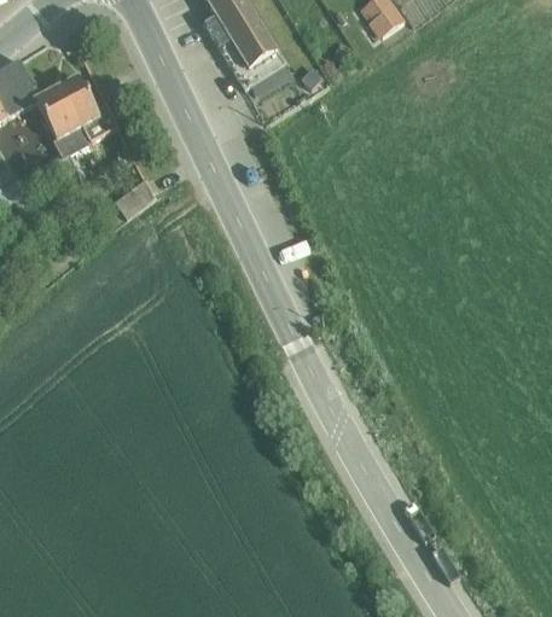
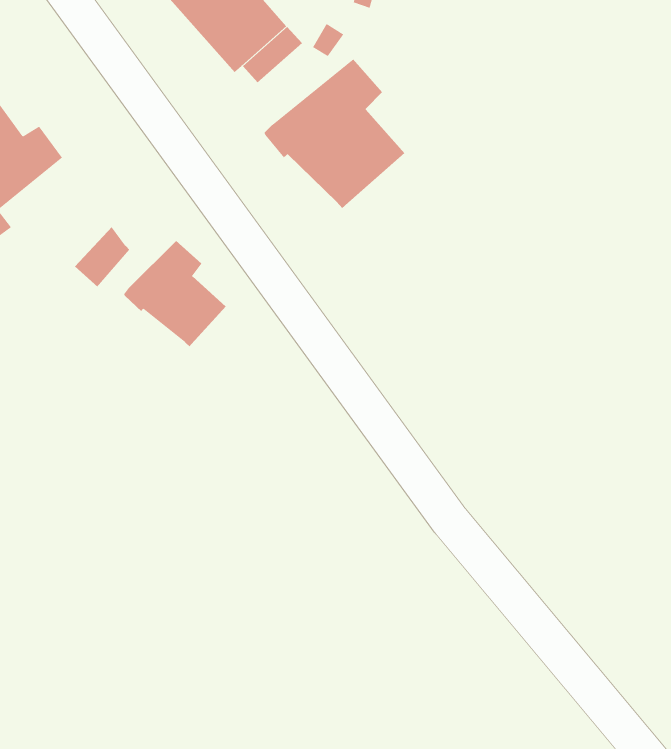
building: none -> [264,59,405,209]
building: none -> [123,240,226,347]

